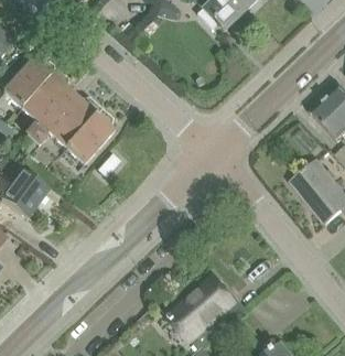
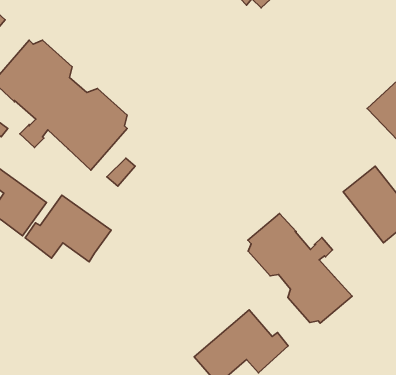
building: none -> [25,195,111,262]
building: none -> [248,213,352,323]

